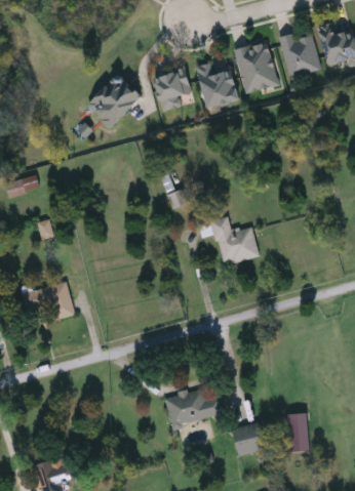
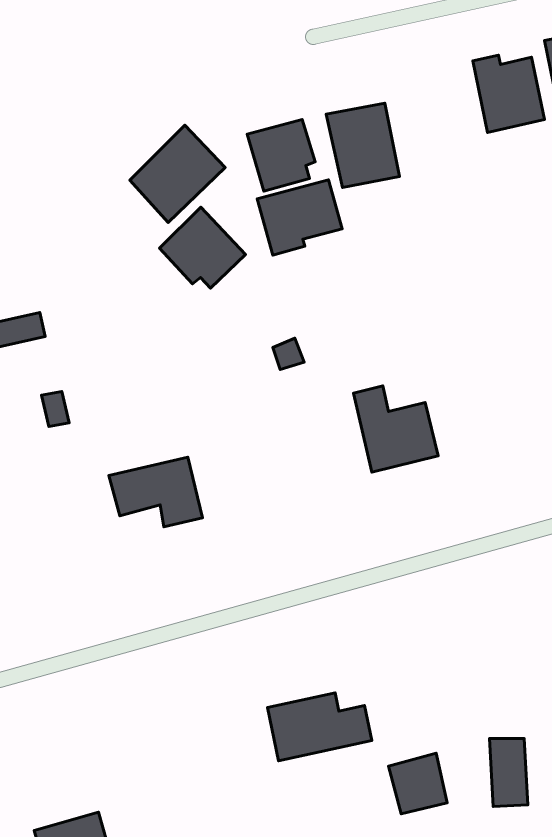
building: [233,40,277,92] -> none
building: none -> [257,180,342,255]
building: none -> [160,207,246,288]
building: [22,283,74,322] -> [109,457,202,527]

